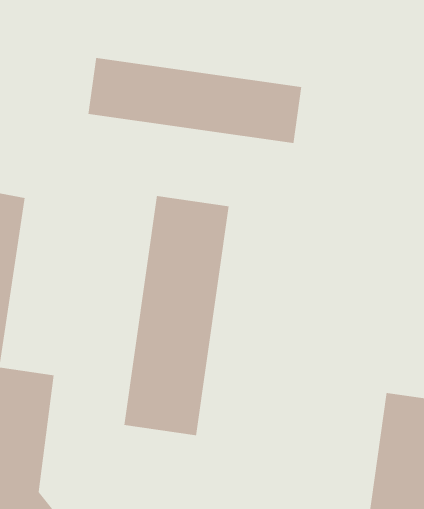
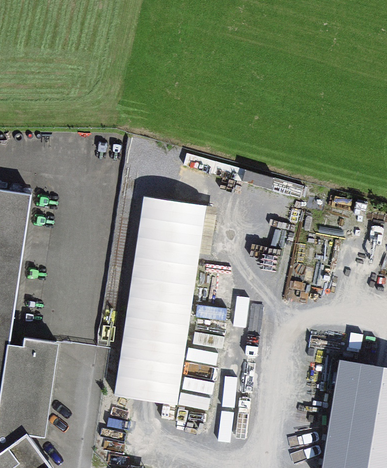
building: [88,57,302,144] -> none

